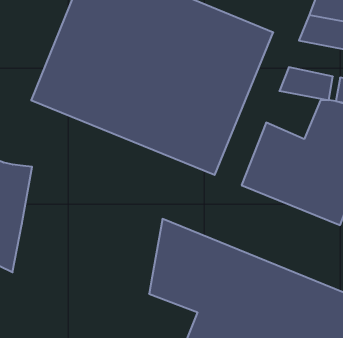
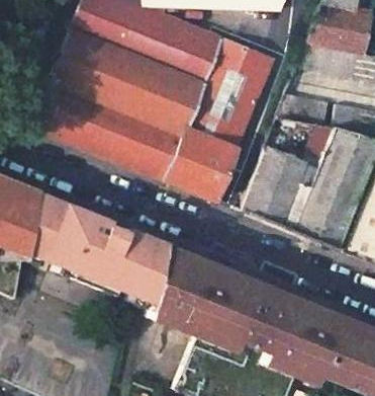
building: none -> [25,191,164,300]

